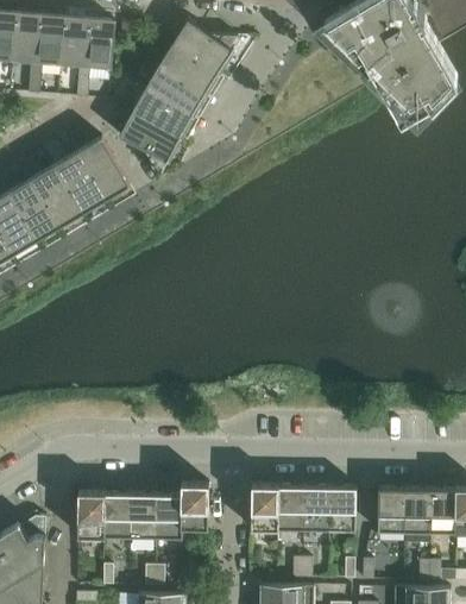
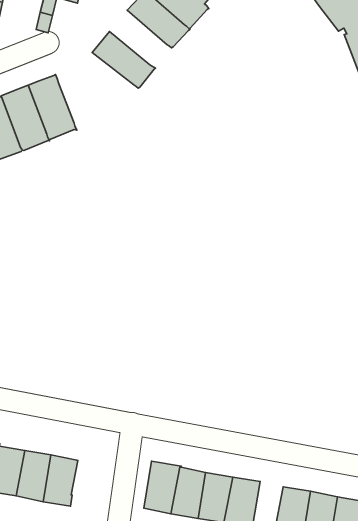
building: [145,67,206,117] -> none
building: [119,112,181,171] -> none
building: [181,484,208,530] -> none

